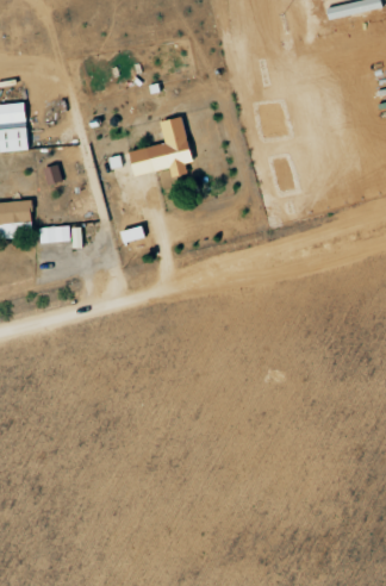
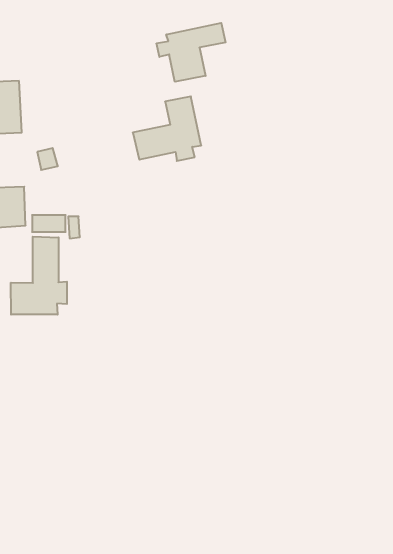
building: none -> [157,23,226,82]
building: none -> [11,237,67,315]

